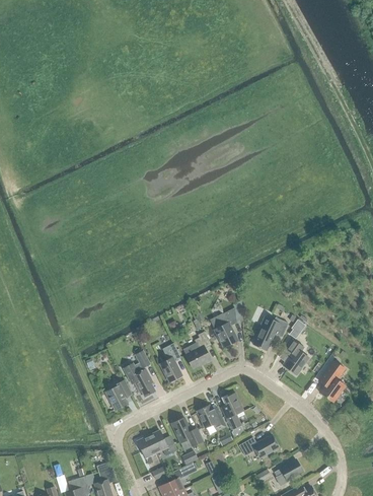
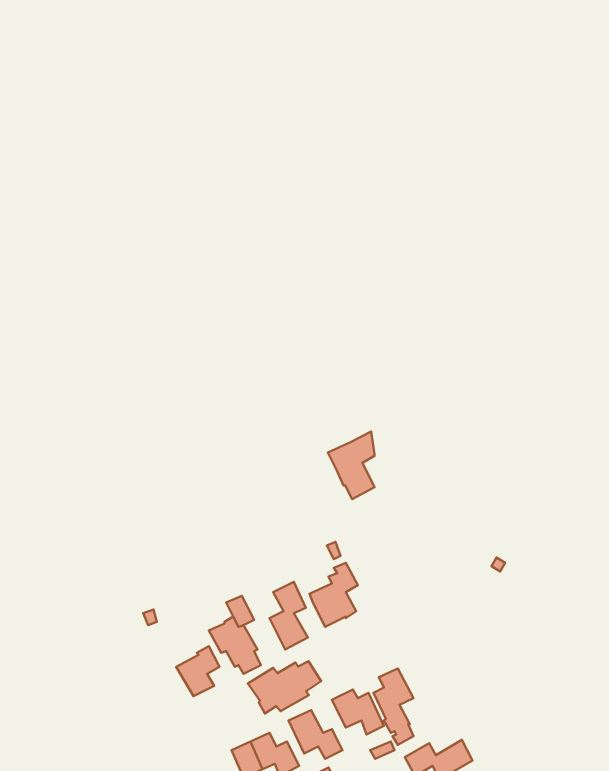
building: [209,307,236,347] -> [328,432,375,499]
building: [252,314,288,350] -> none
building: [282,339,308,374] -> none
building: [318,360,345,402] -> none
building: none -> [248,661,321,713]

